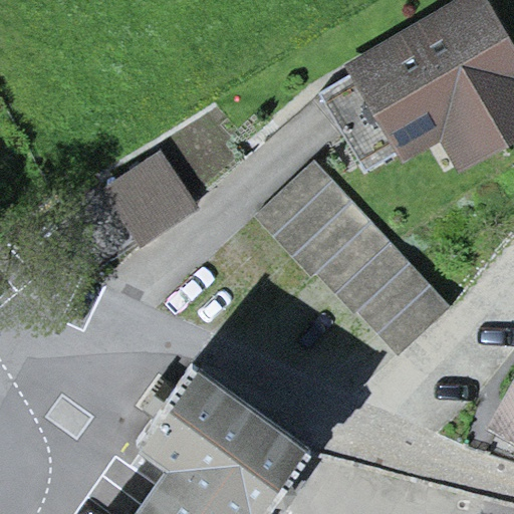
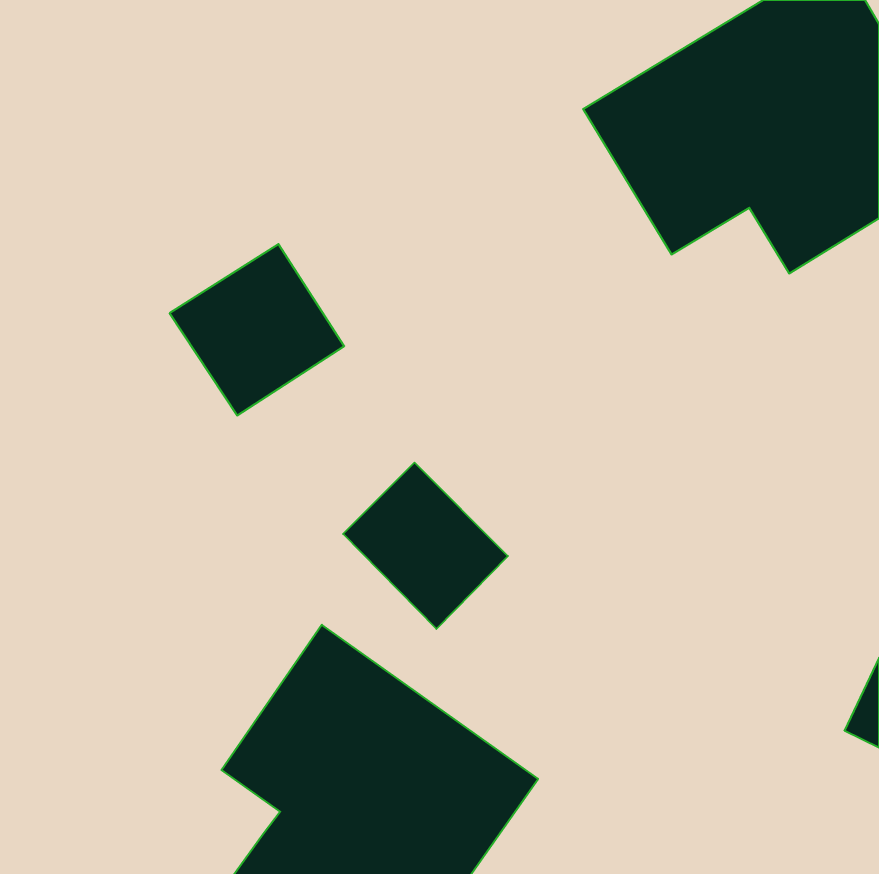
building: [257,161,454,357] -> none
building: none -> [343,463,508,629]

